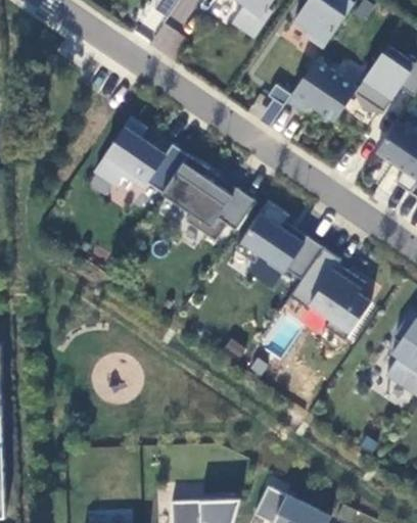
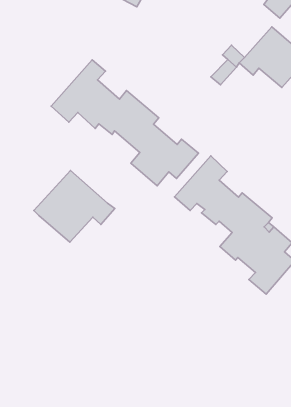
building: none -> [34,171,115,242]

